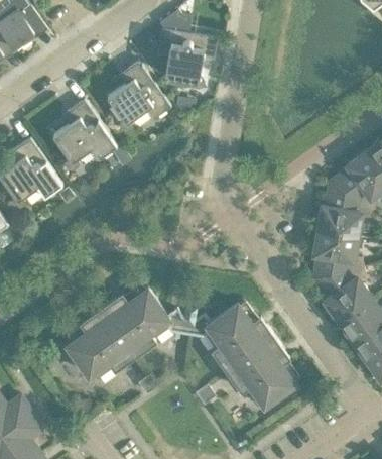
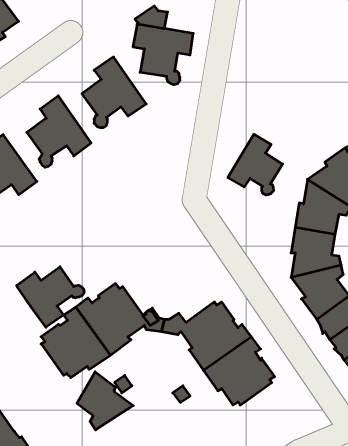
building: none -> [228,134,283,195]
building: none -> [17,267,84,327]
building: none -> [77,372,133,430]

